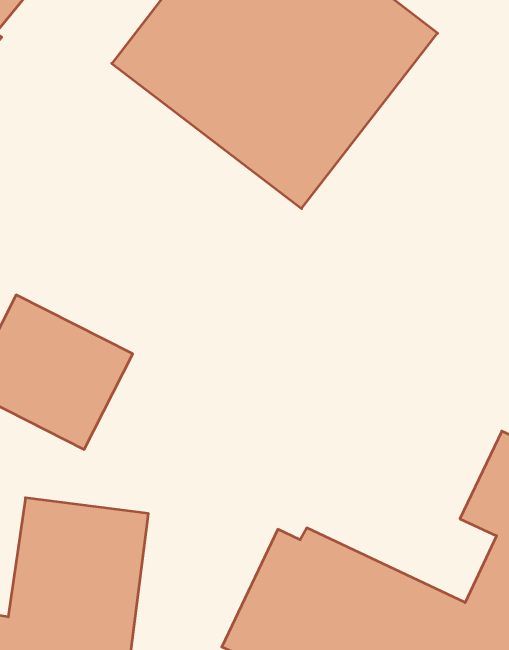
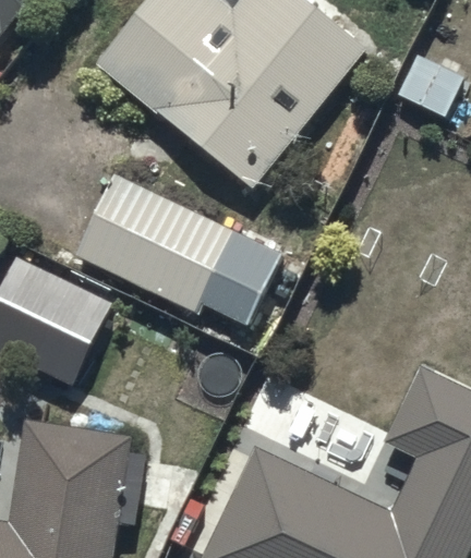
building: none -> [72,173,280,324]

